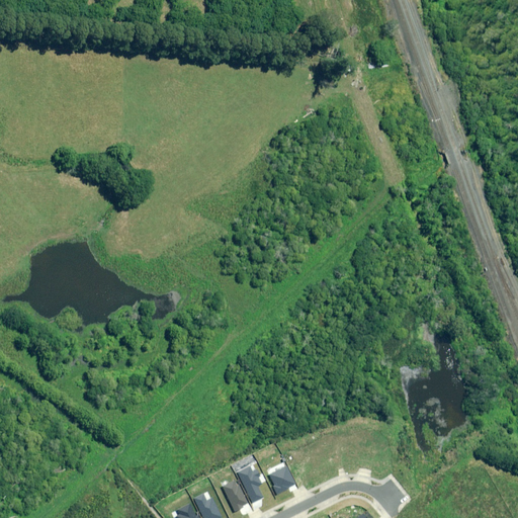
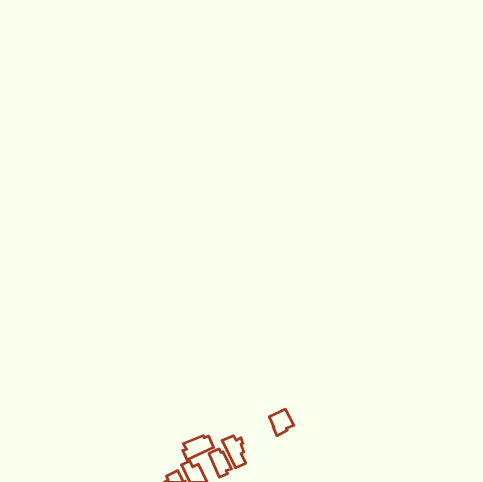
building: [269,465,295,494] -> [269,409,294,436]
building: none -> [183,436,214,460]

